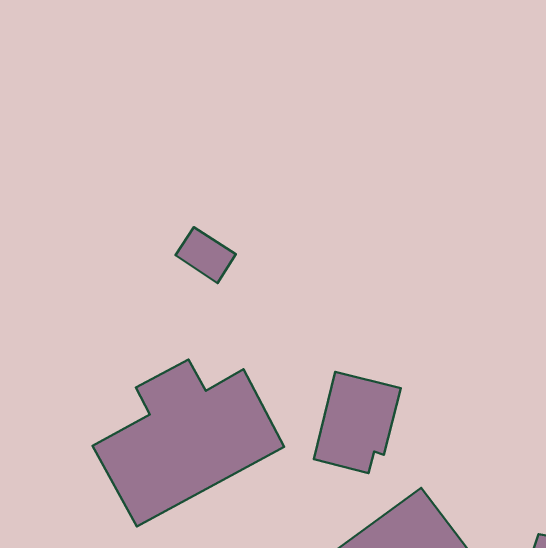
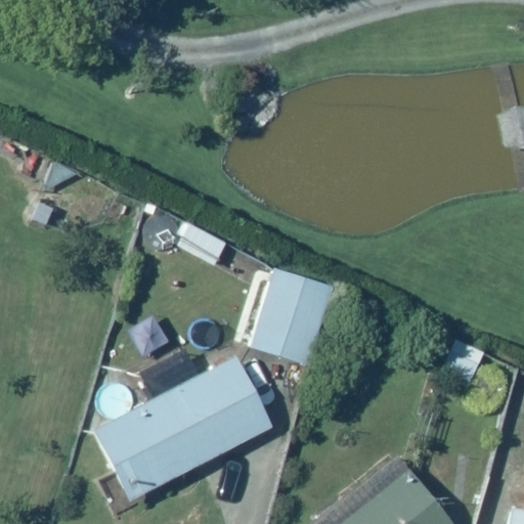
building: [314,372,401,473] -> [252,264,335,360]

